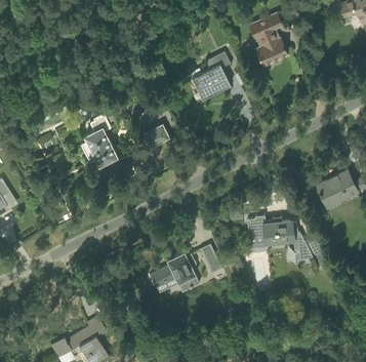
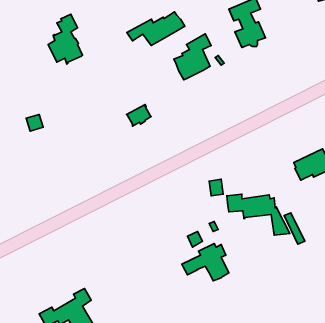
building: none -> [127,12,185,46]
building: [80,113,116,165] -> [48,14,83,64]
building: [150,252,199,291] -> [182,243,229,281]

